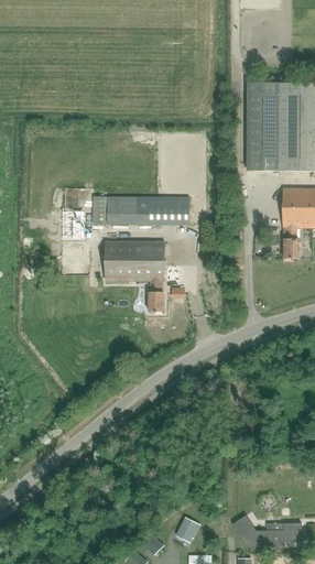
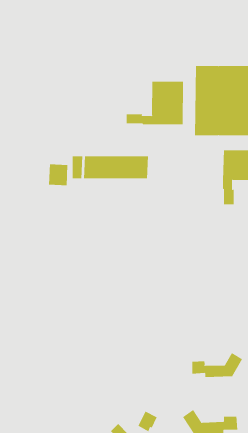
building: none -> [126,81,184,125]
building: [106,241,164,312] -> none
building: none -> [192,352,243,378]

